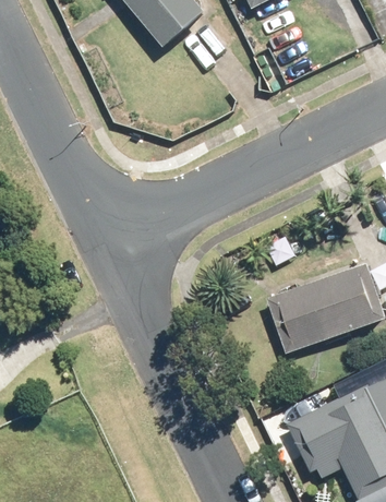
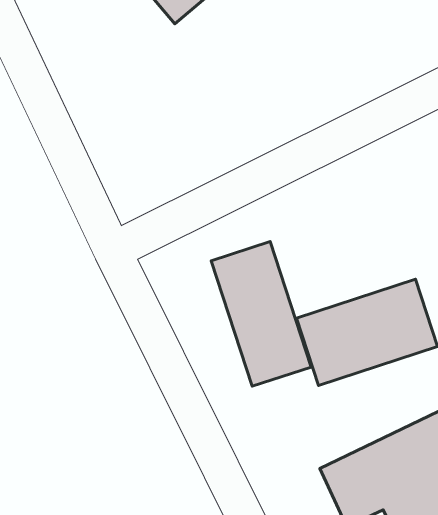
building: none -> [211,242,311,386]

